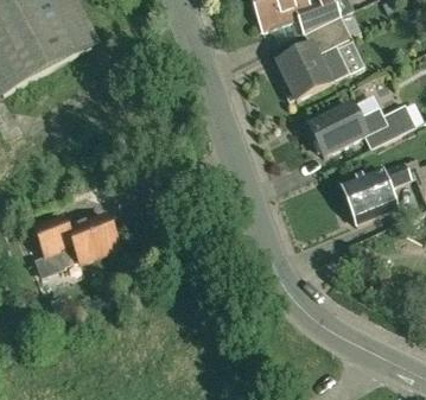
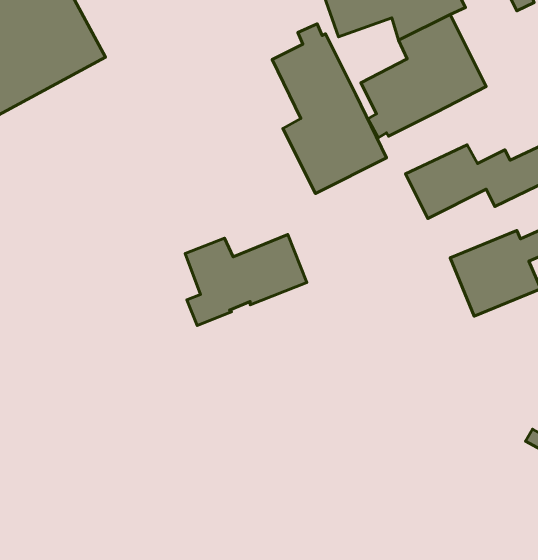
building: none -> [272,24,387,193]
building: [33,212,117,275] -> [185,235,307,325]

